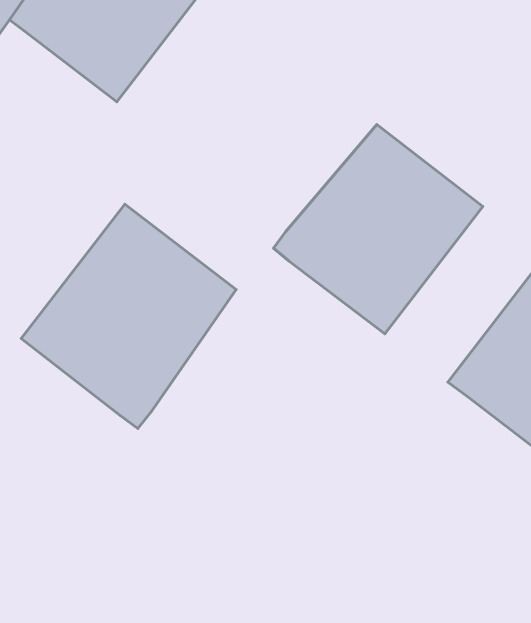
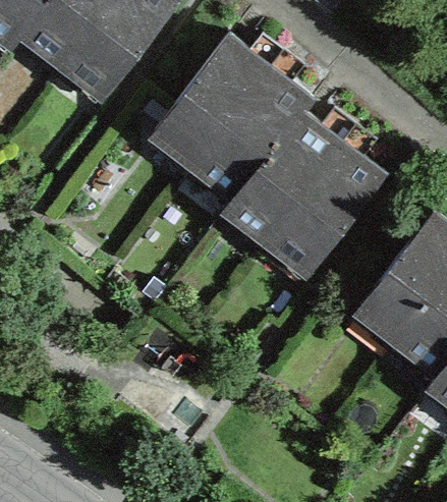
building: none -> [154,38,313,197]
building: [21,204,236,428] -> none

